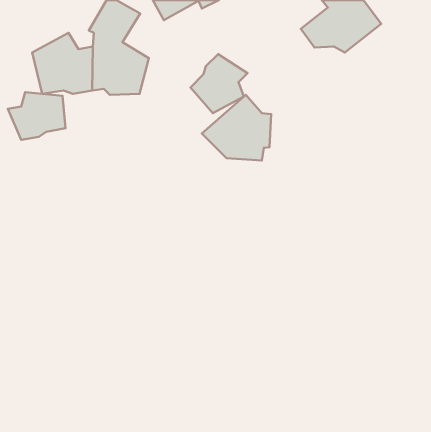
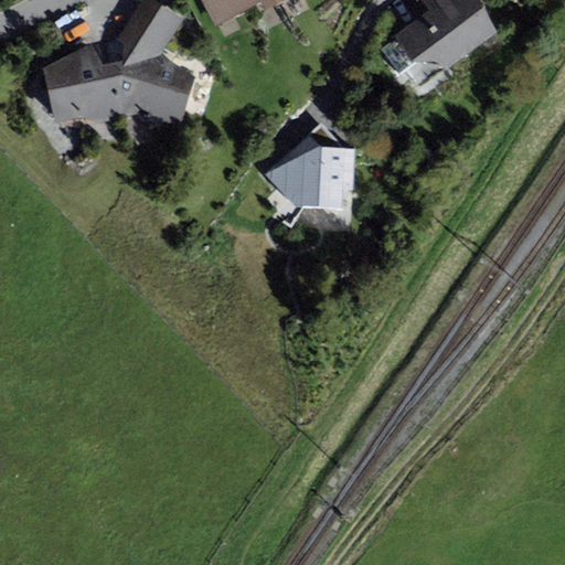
building: [191,54,247,113] -> none
building: [8,92,65,140] -> none

